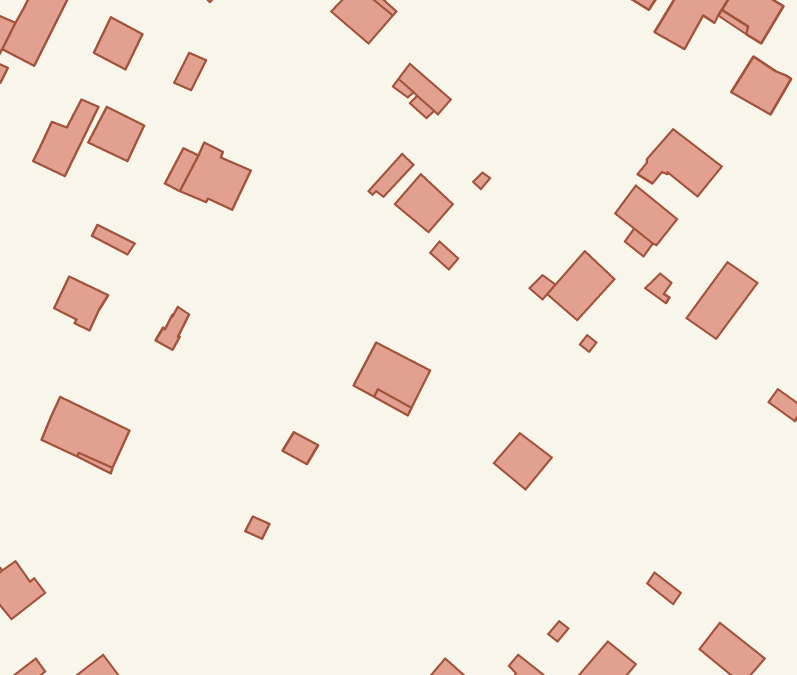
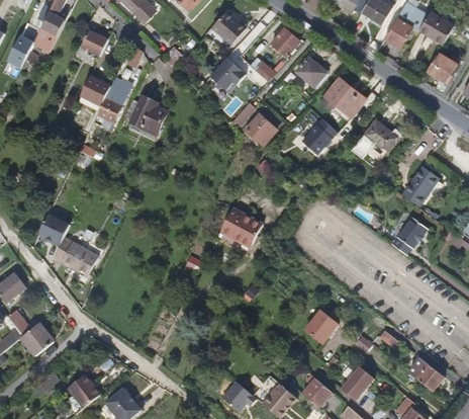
building: none -> [270,27,299,57]
building: none -> [294,57,325,88]
building: none -> [208,60,244,92]
building: [33,99,98,176] -> [95,82,130,123]
building: [638,129,722,197] -> [319,78,365,114]
building: [547,251,615,320] -> [301,115,338,153]
building: [54,276,108,331] -> [38,217,68,246]
building: none -> [391,216,427,254]
building: [494,433,552,489] -> [306,311,338,341]

